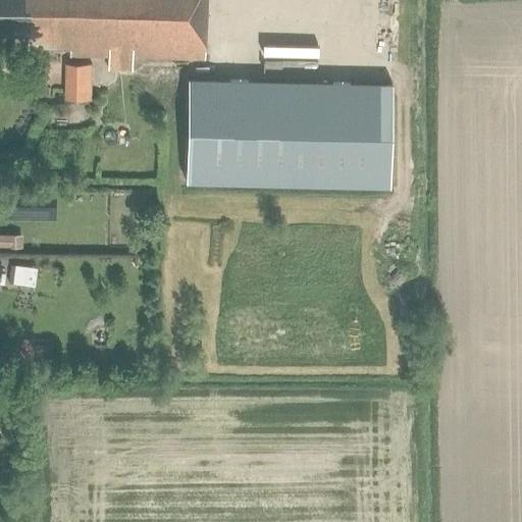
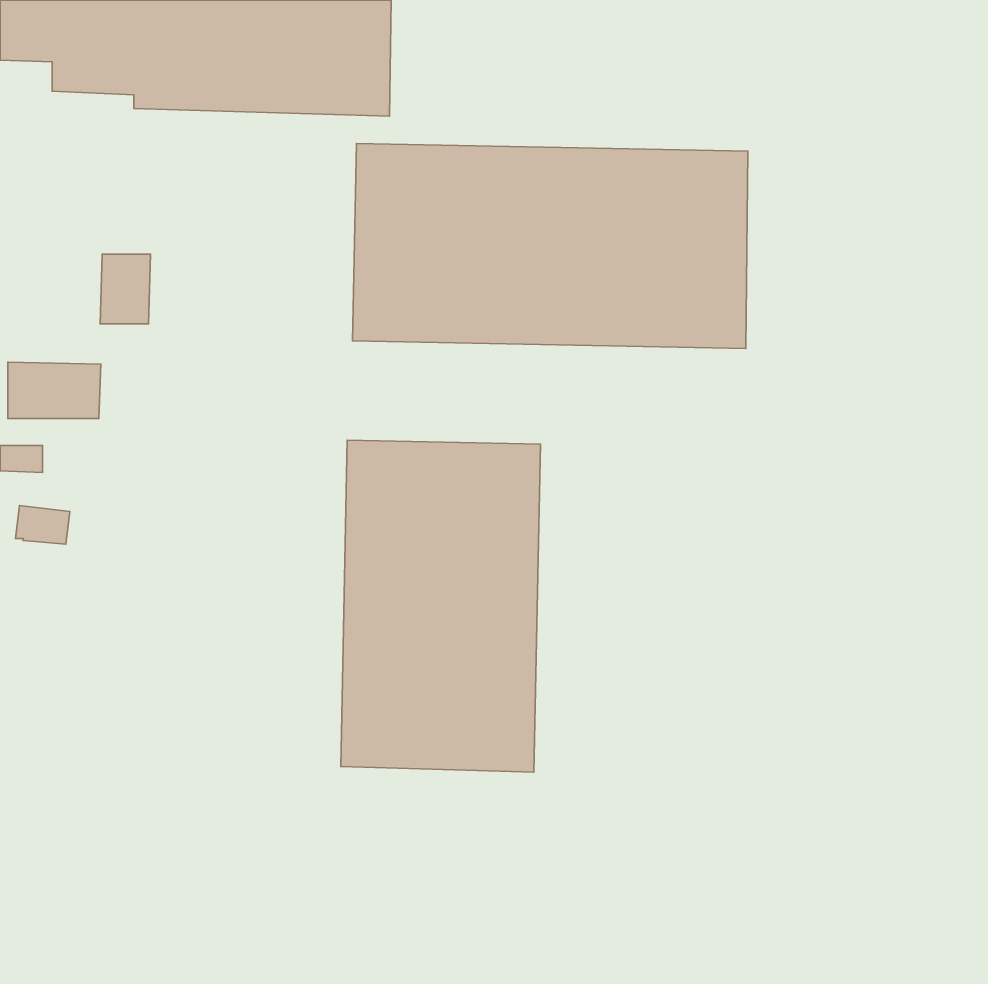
building: [66,66,93,103] -> [100,254,151,324]
building: none -> [341,440,540,772]

